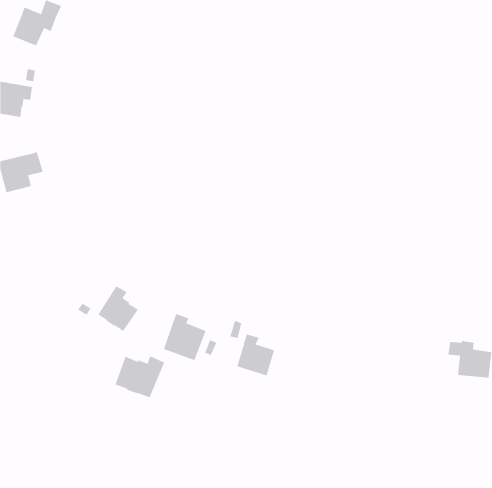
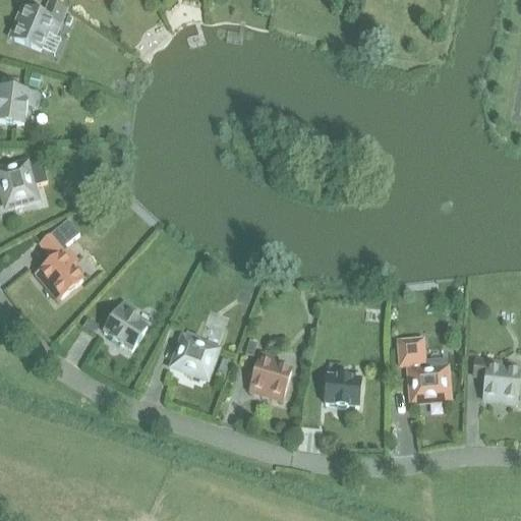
building: none -> [39,220,81,297]
building: none -> [397,338,446,400]
building: none -> [324,367,360,406]
building: [115,356,165,398] -> none

